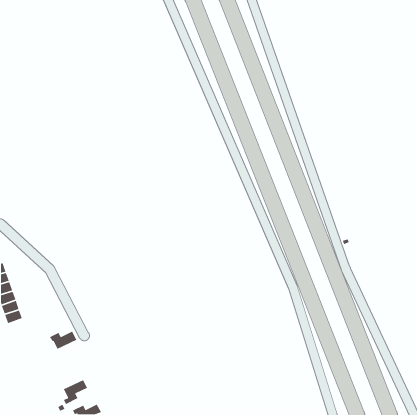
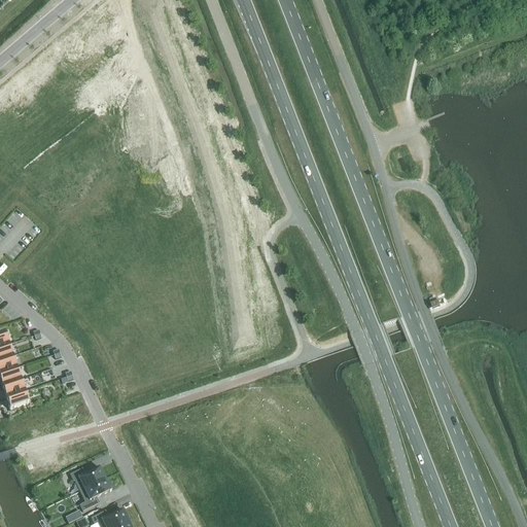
building: [49,330,78,350] -> [70,465,106,490]

